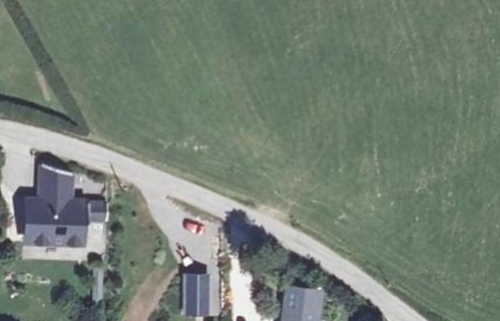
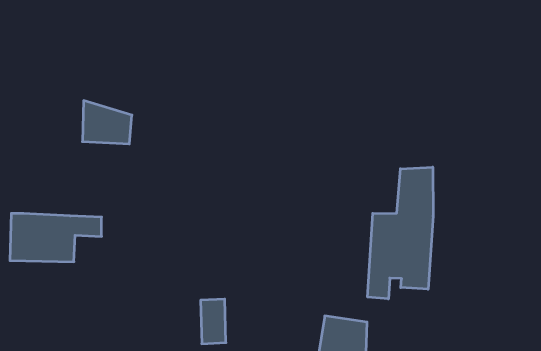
building: none -> [368,167,433,299]
building: [37,169,78,205] -> [82,101,132,144]

